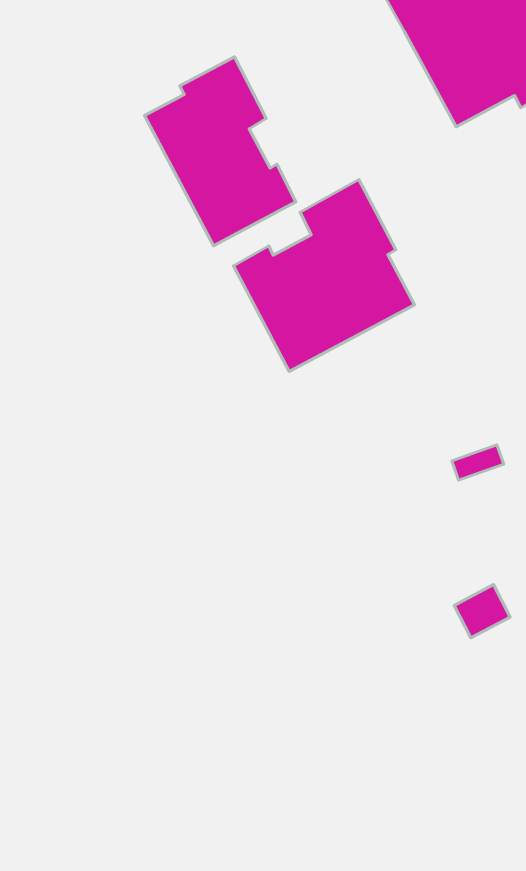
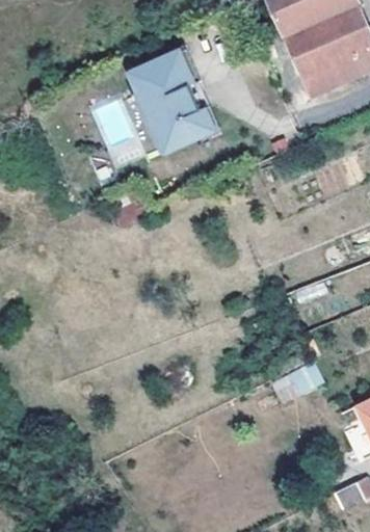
building: [233,180,414,371] -> none

